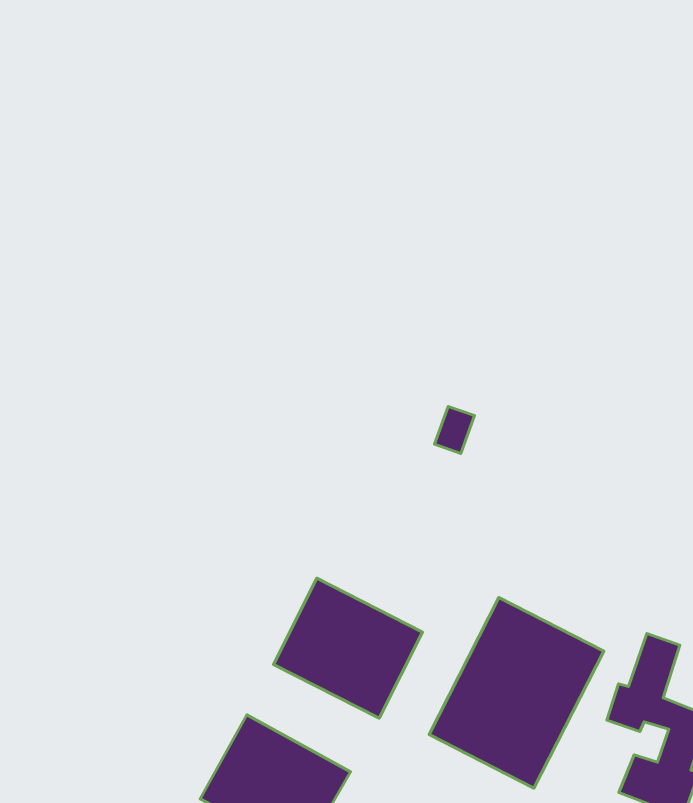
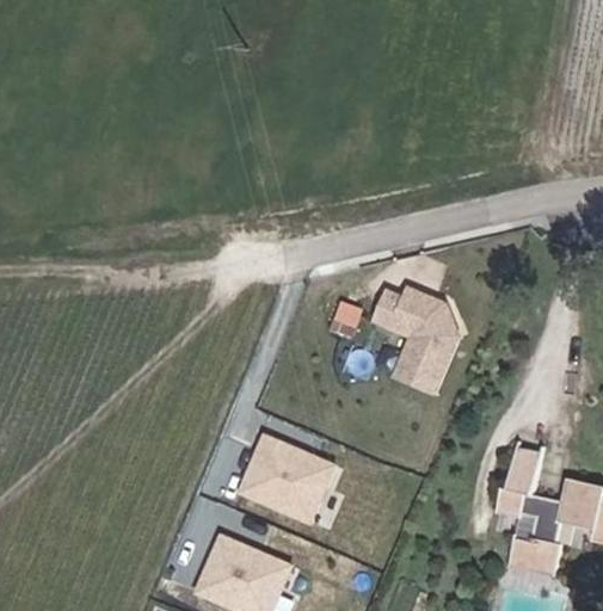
building: none -> [374,282,472,396]
building: [429,597,604,788] -> none

